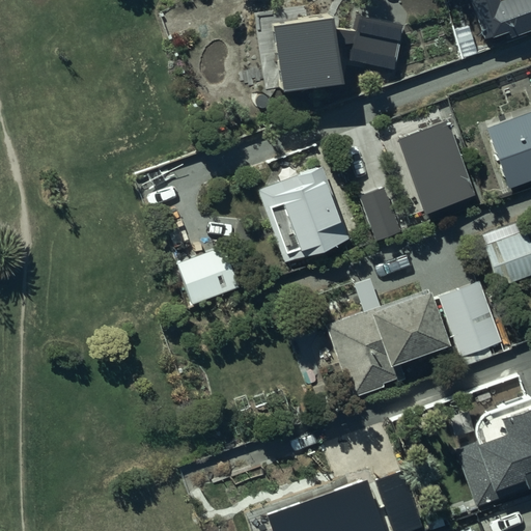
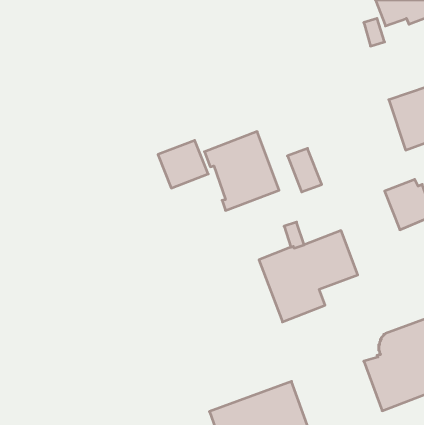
building: [271,11,403,87] -> none
building: [394,120,474,215] -> none
building: [176,248,239,307] -> [158,140,208,188]
building: [439,282,503,369] -> none

